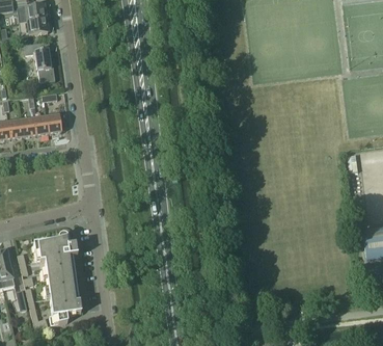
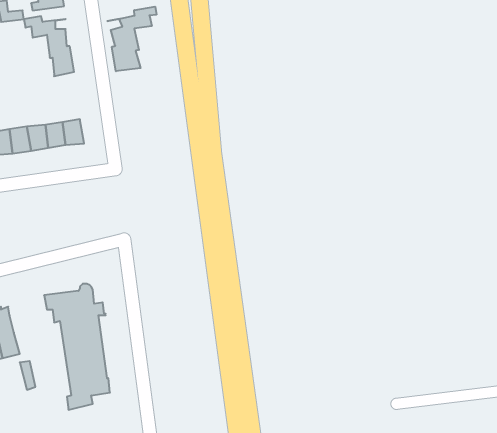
building: none -> [107,7,156,71]

